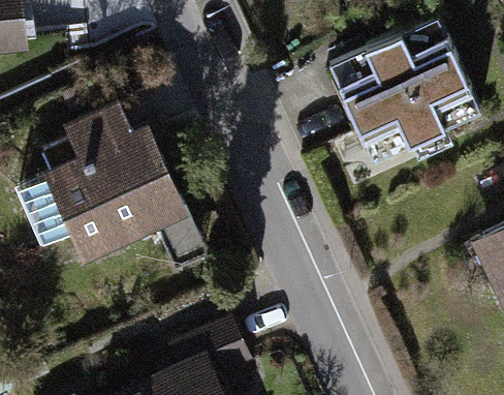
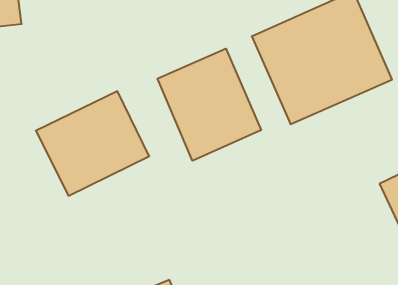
building: none -> [158,49,261,161]

